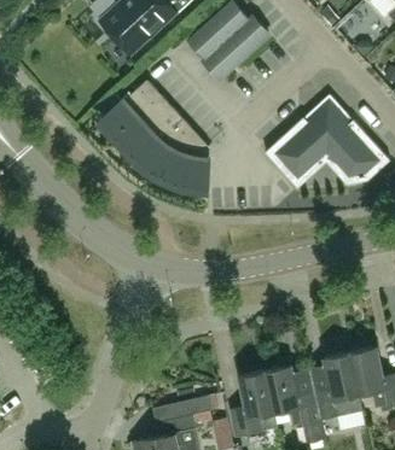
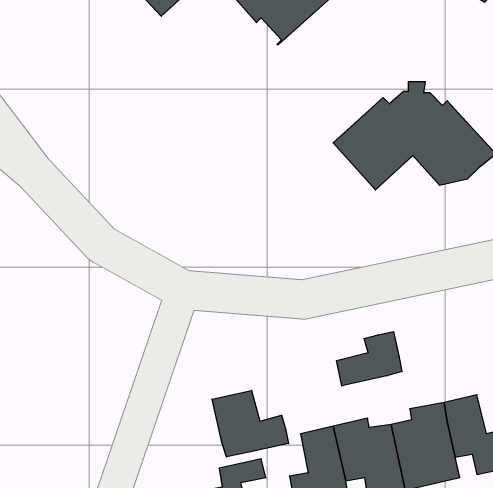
building: [97,80,208,191] -> none
building: none -> [336,332,402,386]
building: none -> [212,390,289,457]

